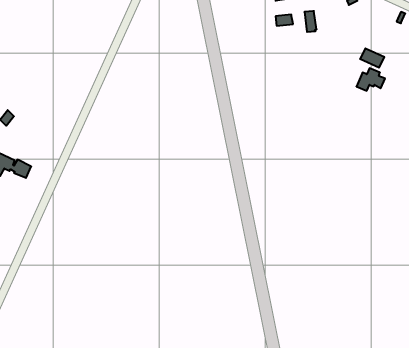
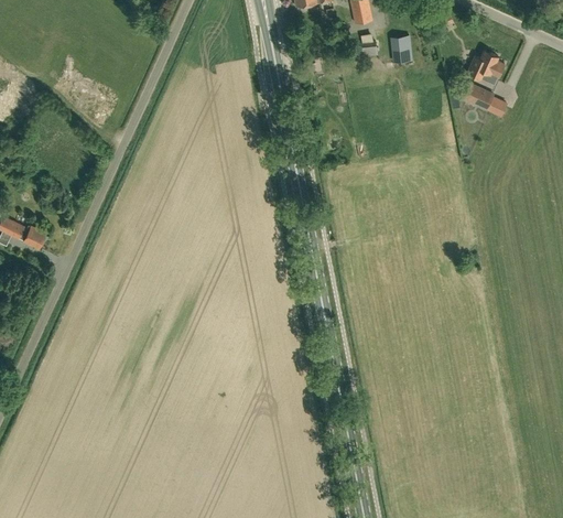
building: [356,68,385,91] -> [468,52,505,80]

